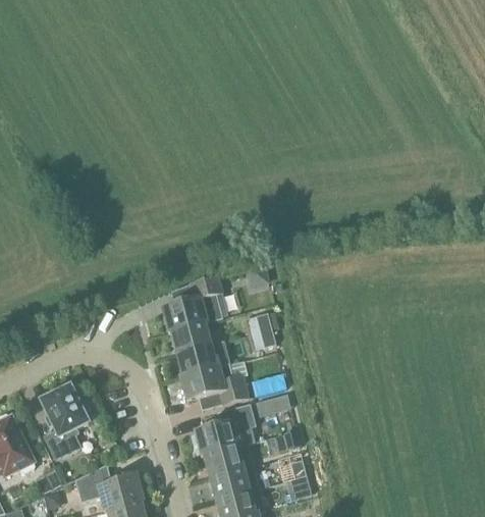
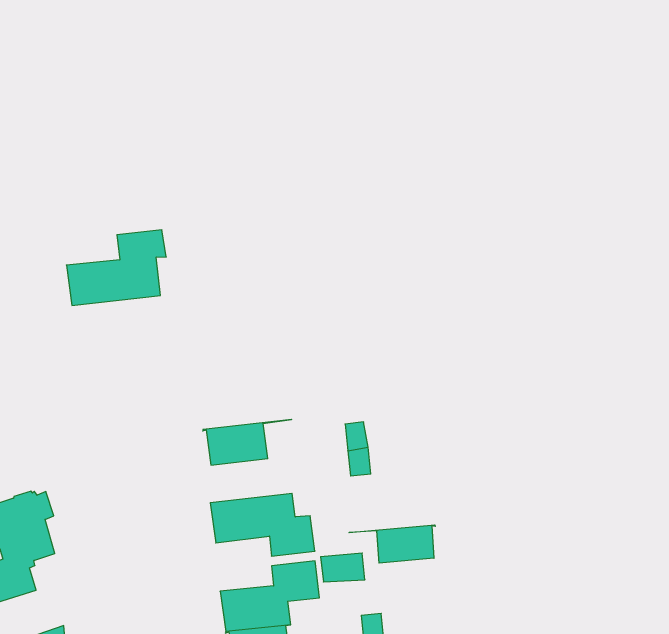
building: [161,277,222,332] -> [66,230,166,305]
building: [176,345,229,377] -> none
building: none -> [349,525,435,563]

